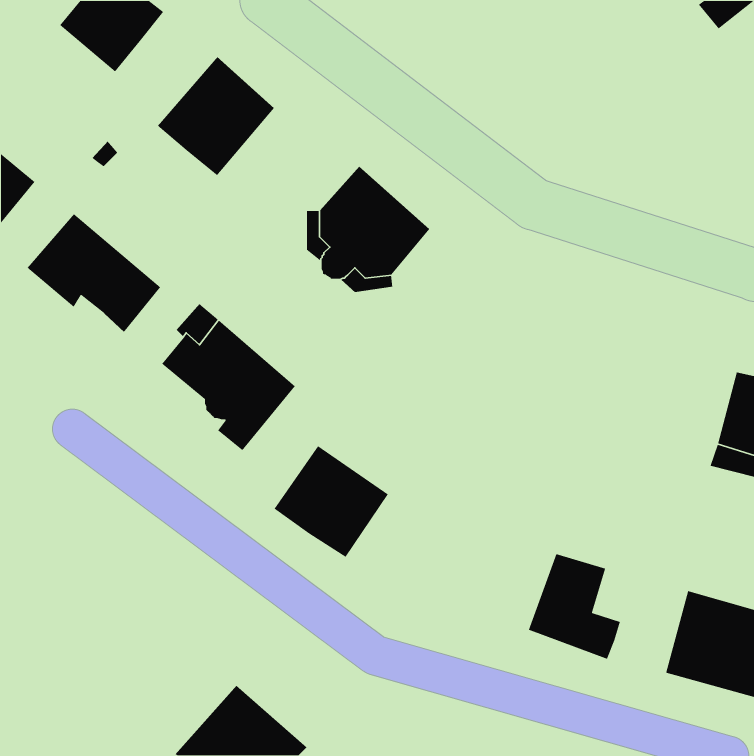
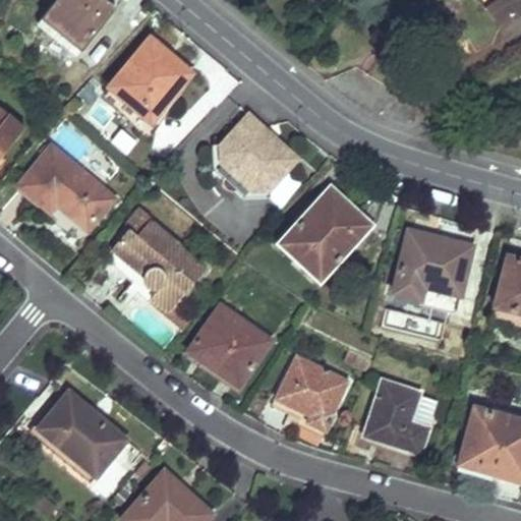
building: none -> [278,186,371,282]
building: none -> [394,228,471,312]
building: none -> [271,353,349,431]
building: none -> [39,392,125,474]

